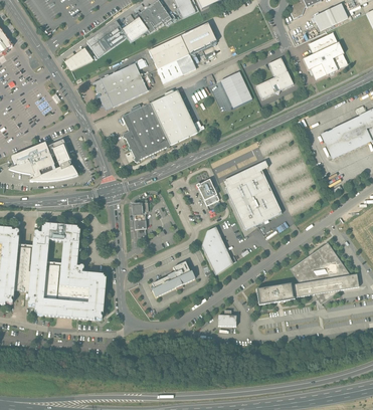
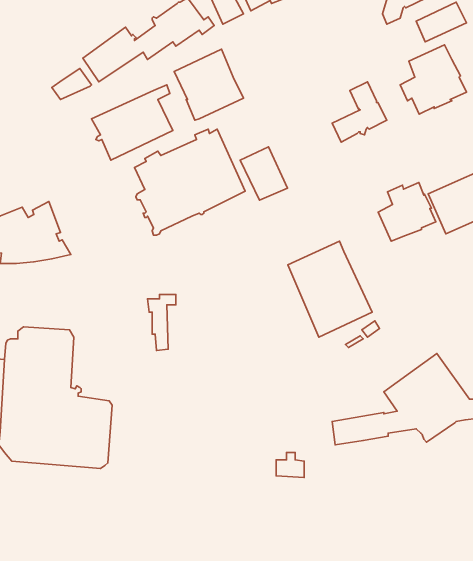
building: [180,22,215,53] -> none
building: [219,70,251,107] -> [240,147,288,200]
building: none -> [378,183,436,241]
building: [195,177,218,206] -> none
building: [203,226,233,275] -> none
building: [151,260,193,295] -> none

